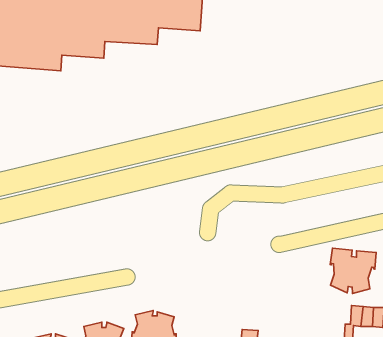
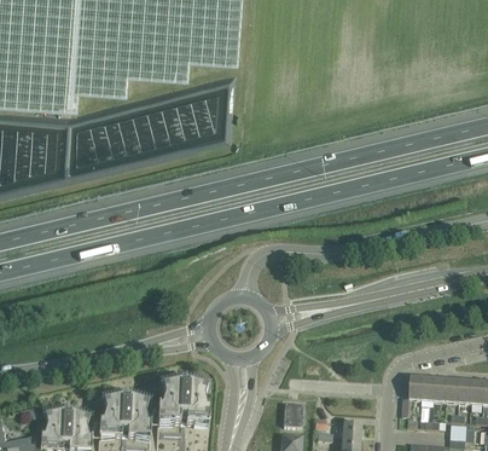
building: [330,248,376,294] -> none

